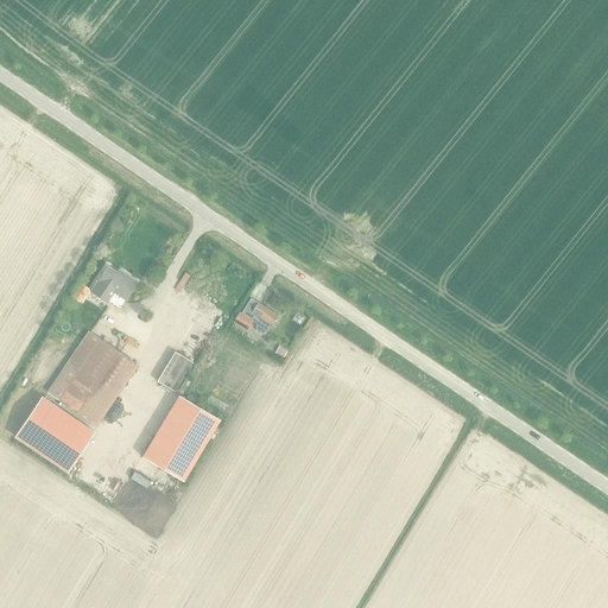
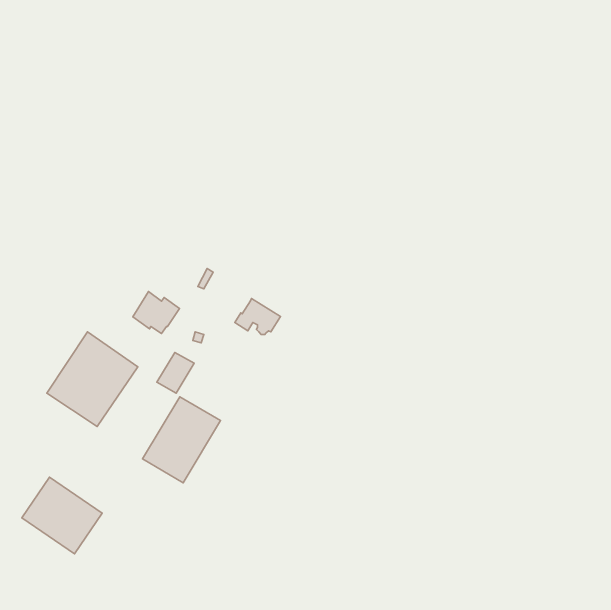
building: [90,264,137,305] -> [133,292,180,334]
building: [13,394,93,470] -> [22,477,102,554]

